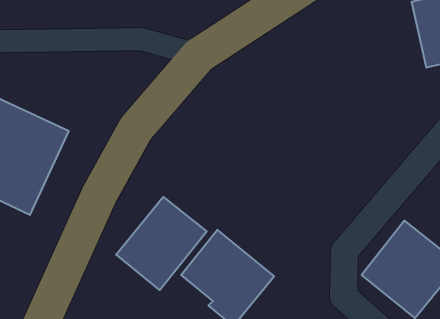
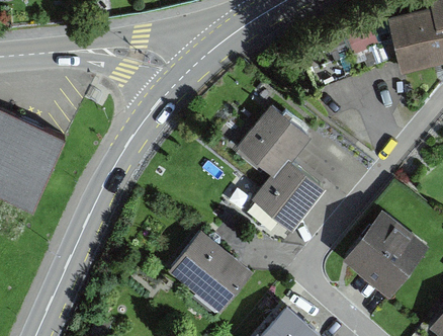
building: none -> [237,103,330,232]
building: [116,197,207,290] -> none

